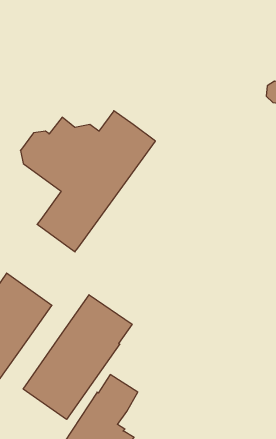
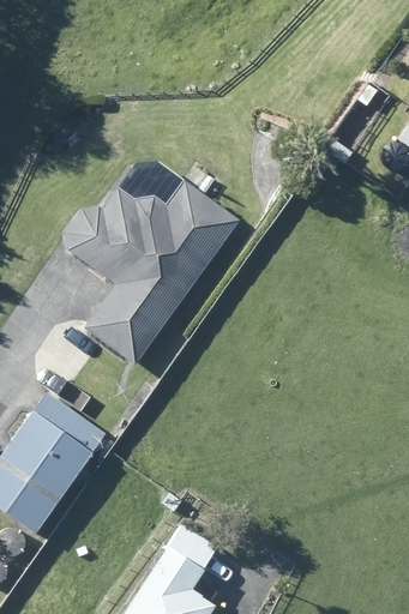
building: [23,295,132,419] -> none

